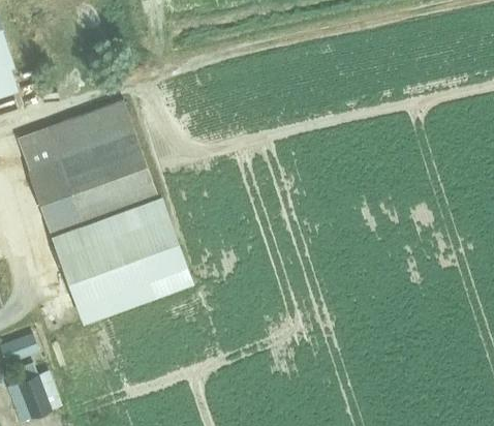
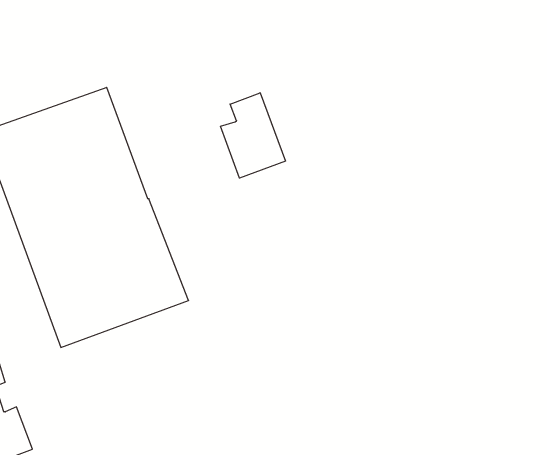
building: none -> [220,93,285,178]

